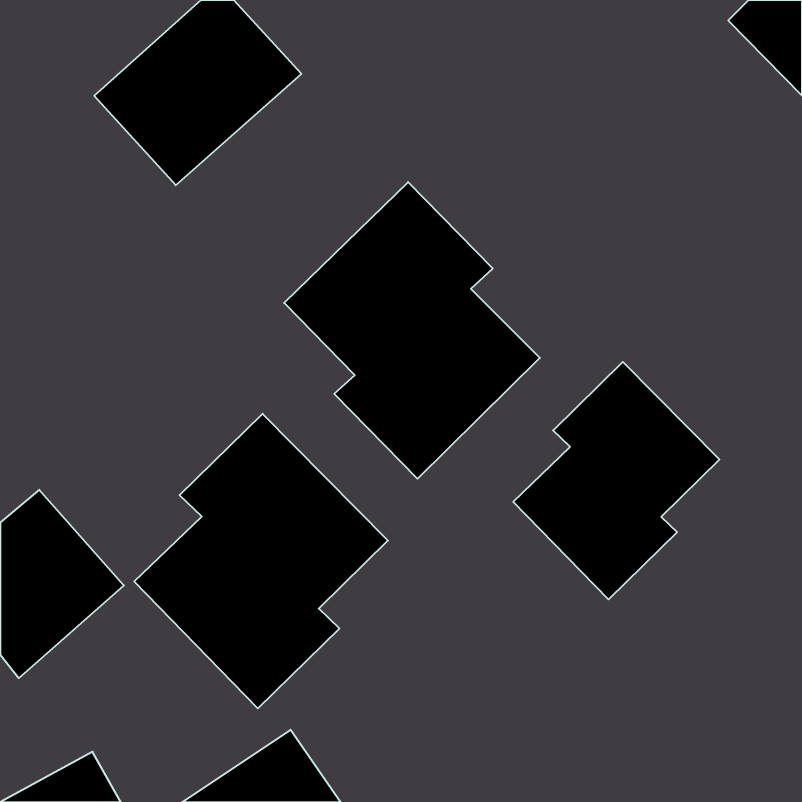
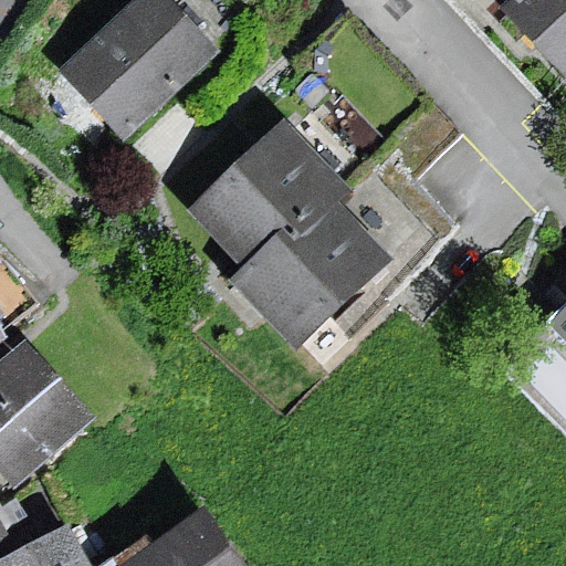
building: [513,362,719,599] -> none
building: [134,414,388,708] -> none

